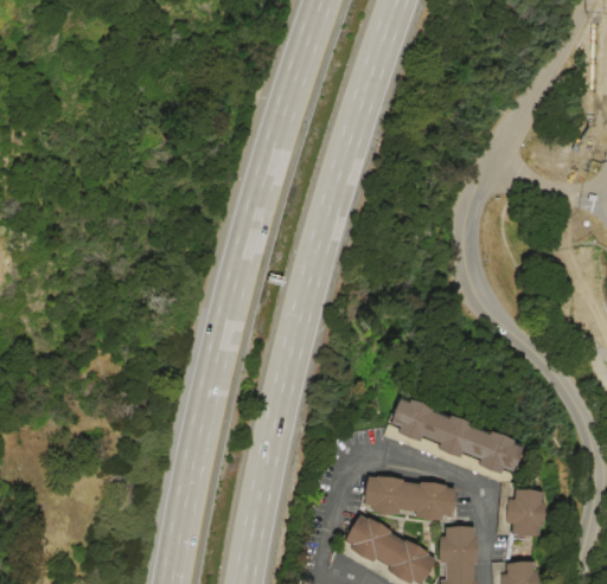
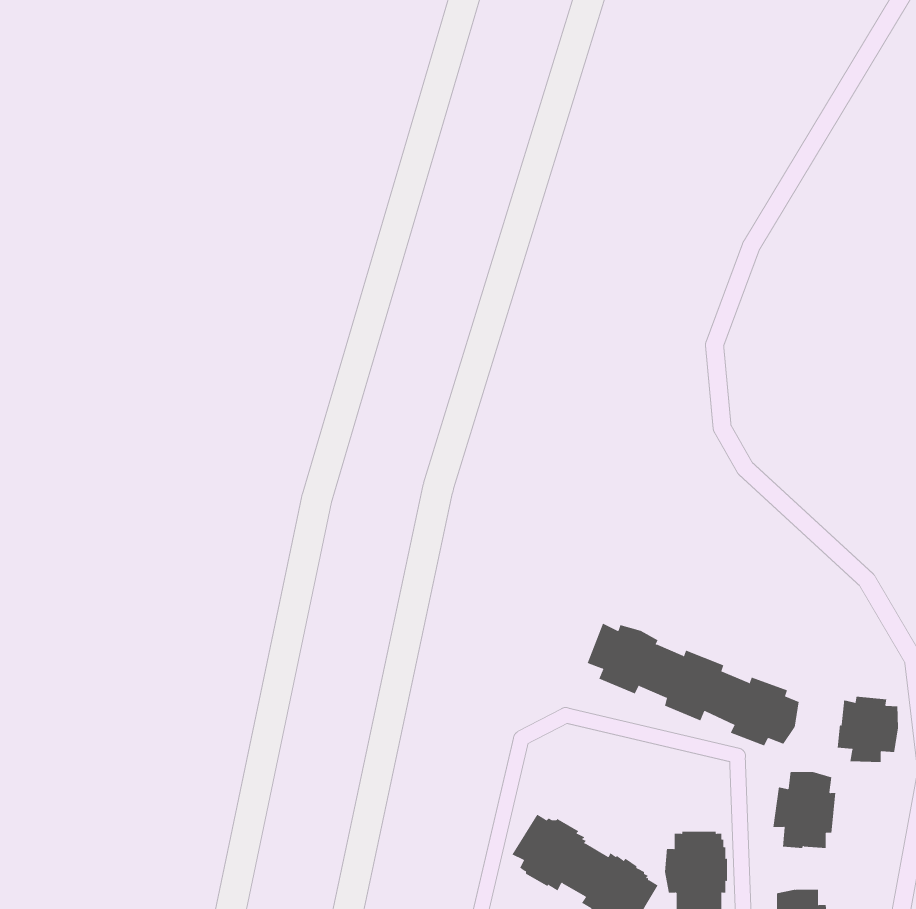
building: none -> [837,696,899,763]
building: [364,476,455,521] -> none

